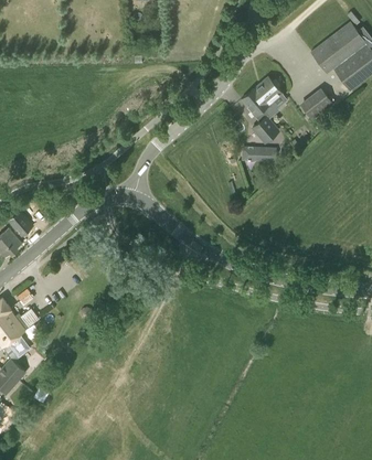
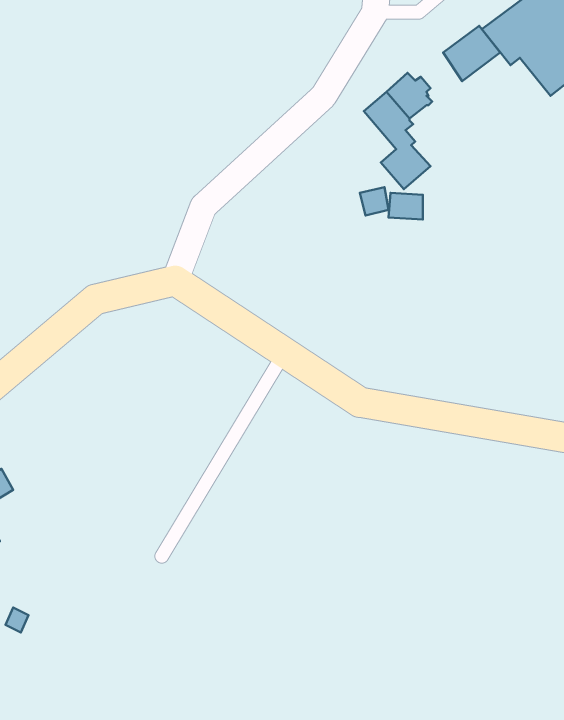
building: [300,88,333,120] -> [443,26,500,81]

